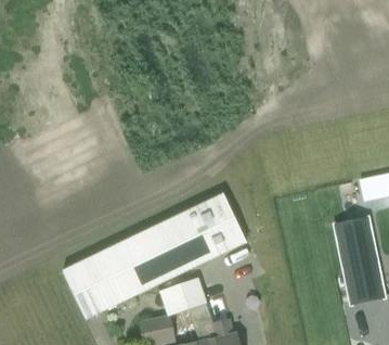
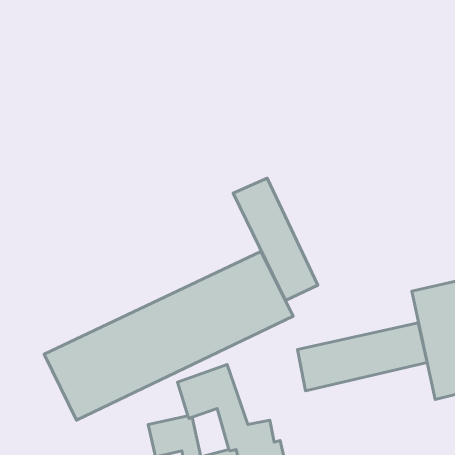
building: none -> [233,178,318,301]
building: none -> [298,323,427,391]

